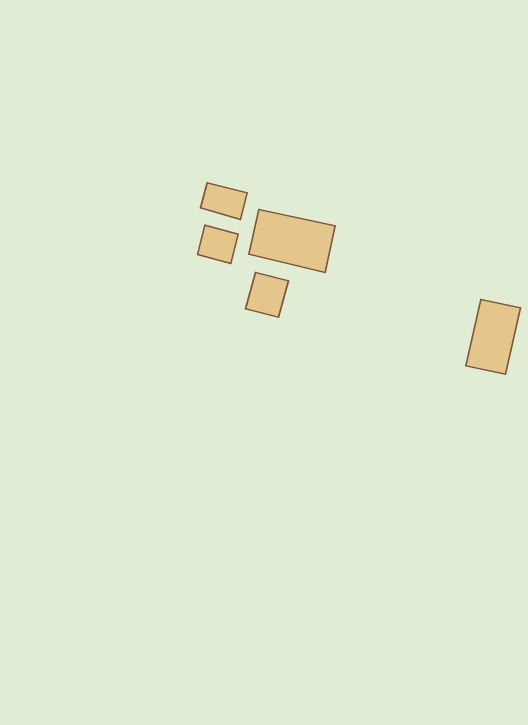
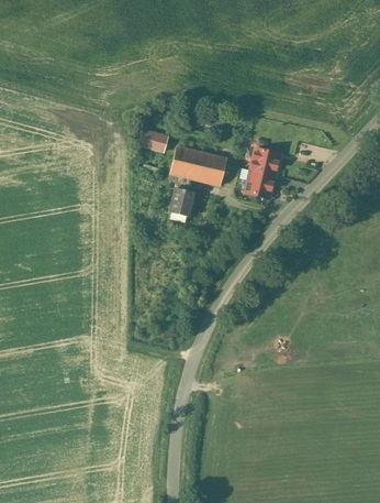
building: [197,225,238,263] -> none
building: [466,299,521,374] -> [244,149,280,198]

